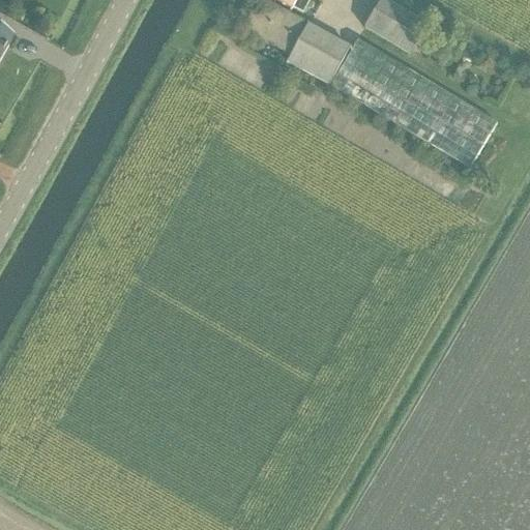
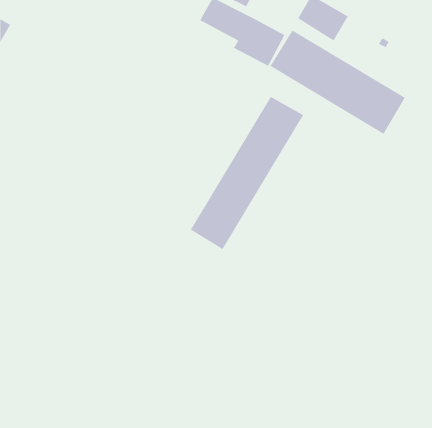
building: none -> [190,96,304,250]

